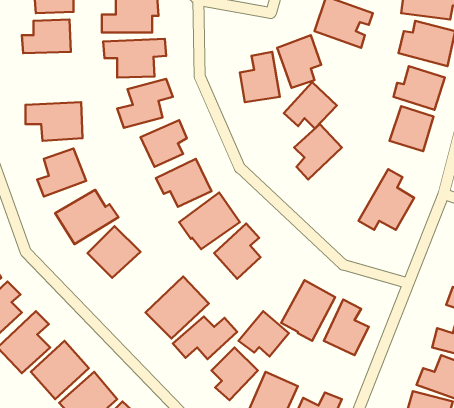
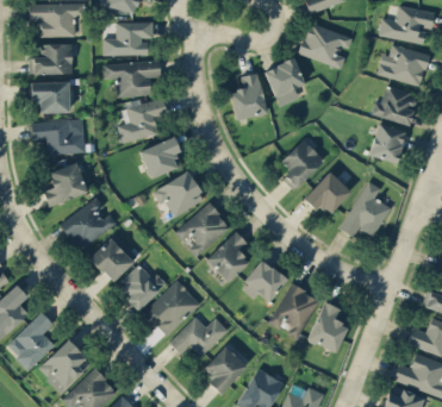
building: none -> [31,81,70,113]
building: [284,82,337,129] -> [303,170,351,213]
building: none -> [116,264,167,311]
building: [239,311,289,356] -> [239,259,286,301]

